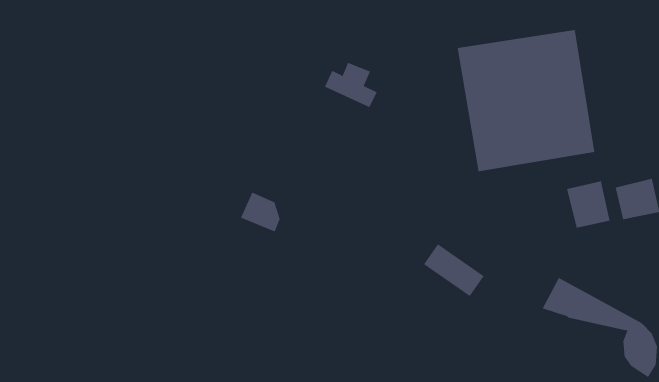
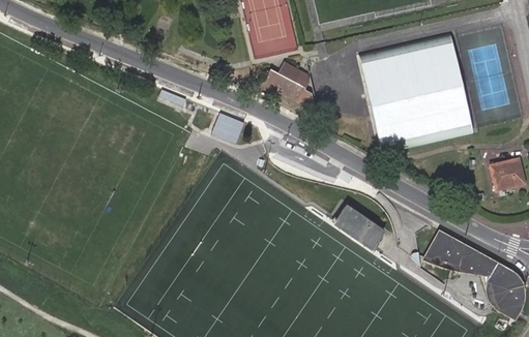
building: [566,180,610,229] -> none
building: [240,192,281,232] -> [210,115,242,147]

